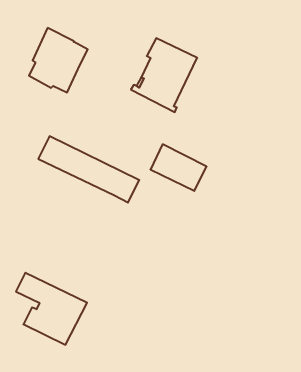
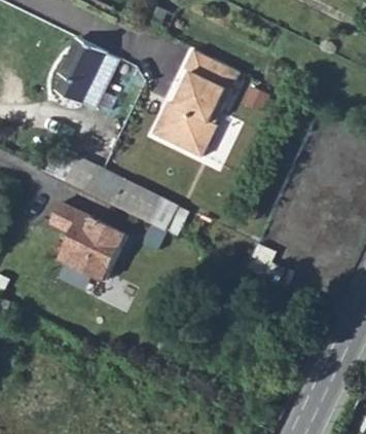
building: [150,144,207,191] -> [151,105,213,156]
building: [16,273,87,345] -> [48,203,126,282]

